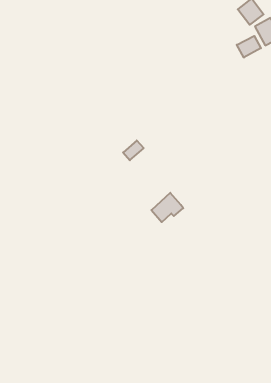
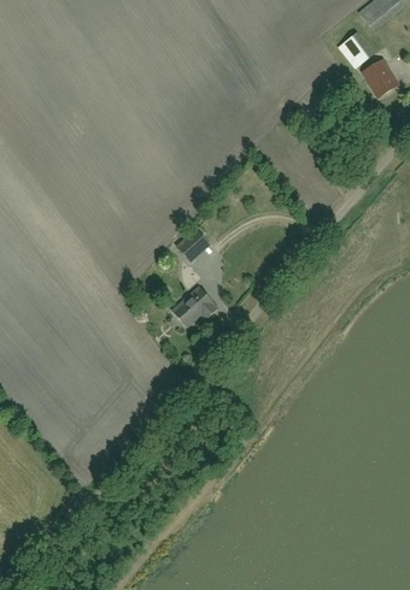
building: [237,36,261,58] -> none
building: [151,193,183,222] -> [172,287,217,328]

